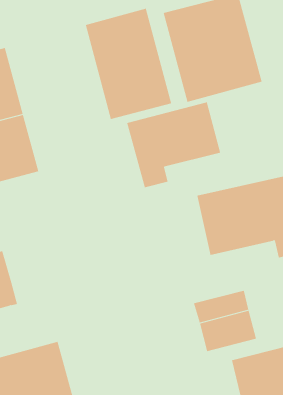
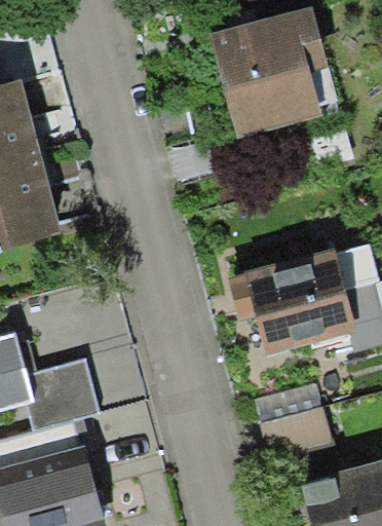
building: [85,8,172,120] -> none
building: [127,101,221,188] -> none
building: none -> [24,360,97,431]

